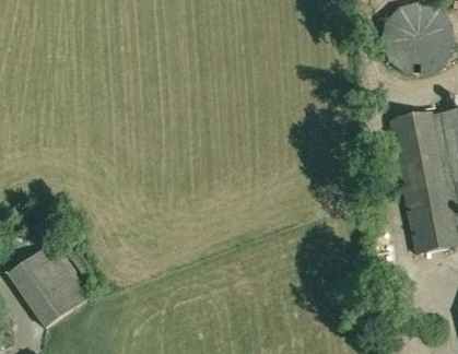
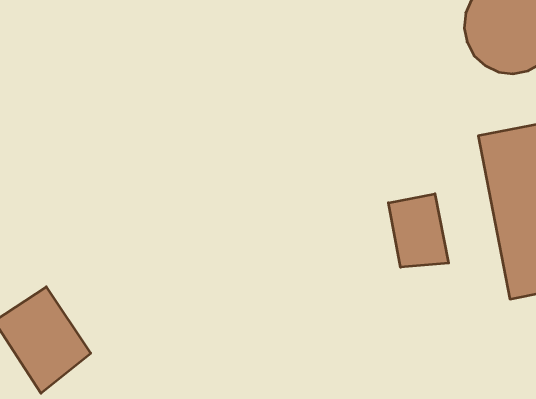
building: none -> [388,194,449,267]

